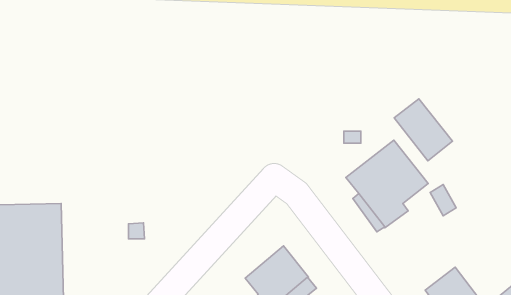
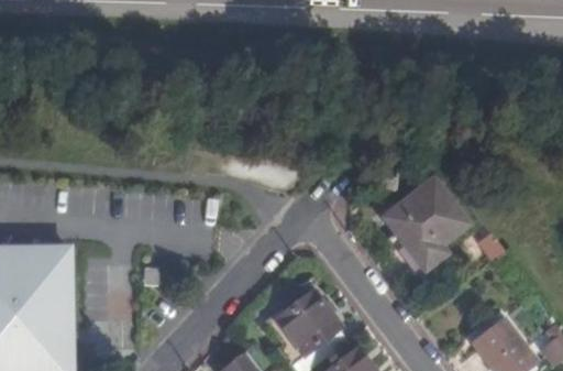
building: [394,99,453,161] -> none

